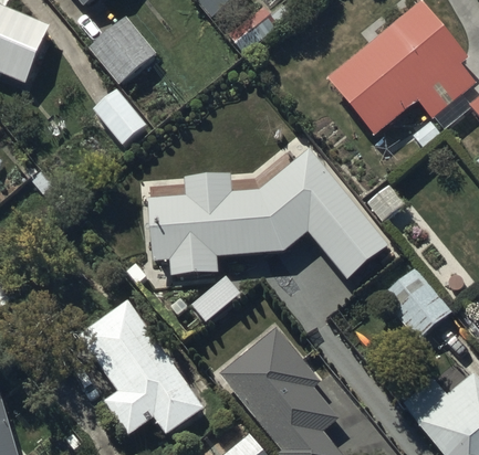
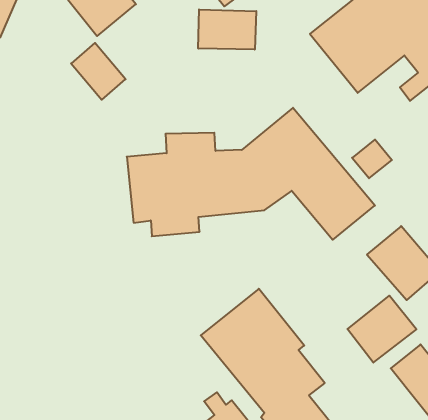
building: none -> [198,9,256,50]
building: [79,299,211,434] -> none
building: none -> [347,296,416,363]

